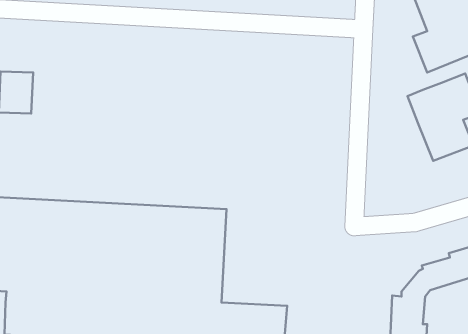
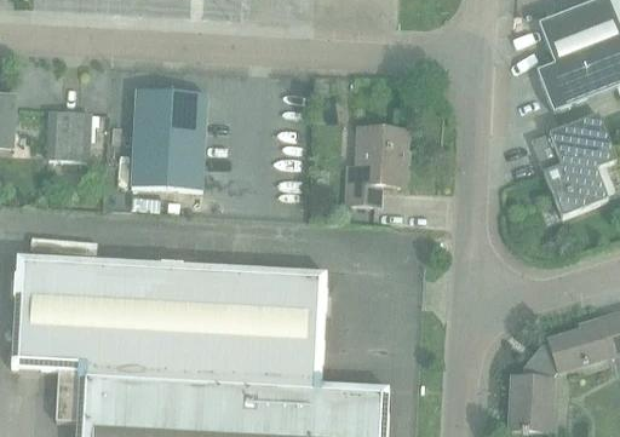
building: none -> [132,90,208,190]
building: none -> [346,126,409,205]

